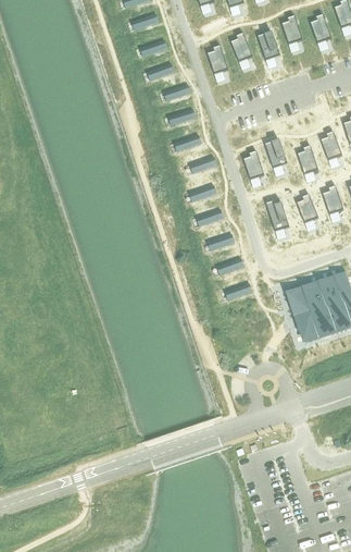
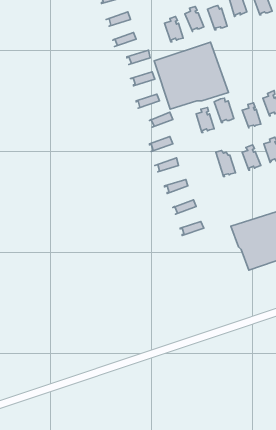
building: none -> [154,42,228,109]

